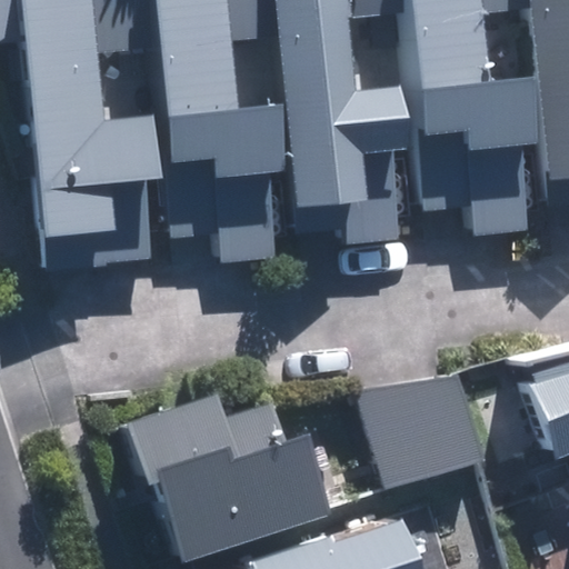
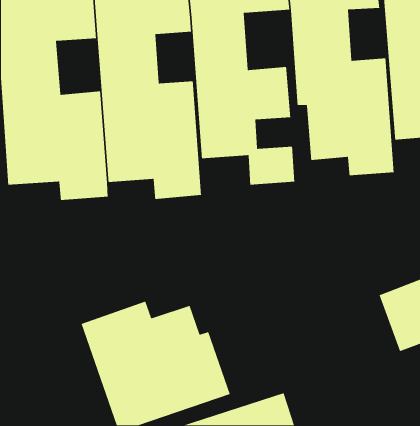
building: [359,369,487,489] -> none

